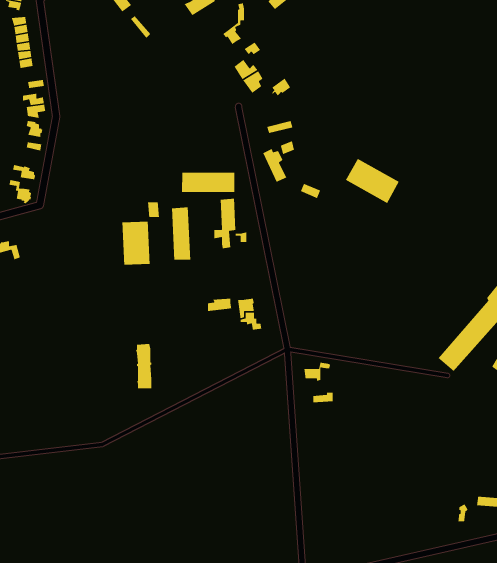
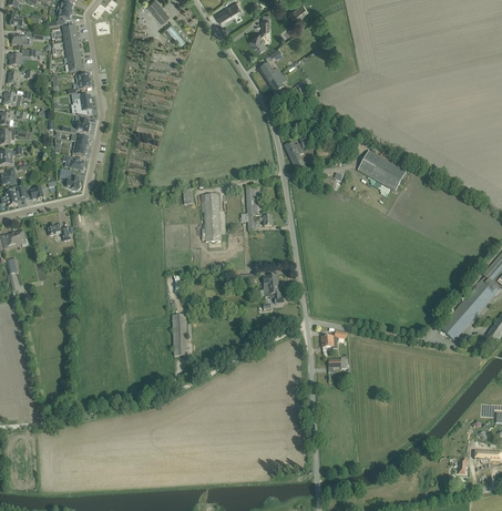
building: [181,172,235,193] -> none
building: [121,221,150,266] -> none

